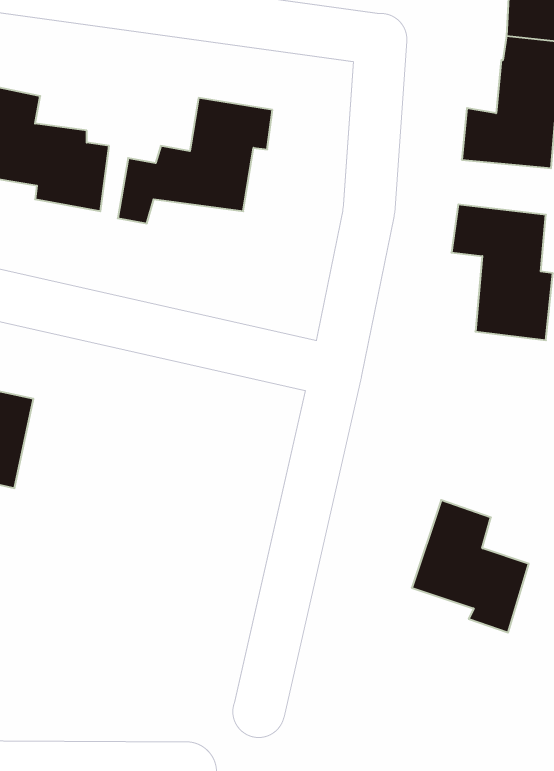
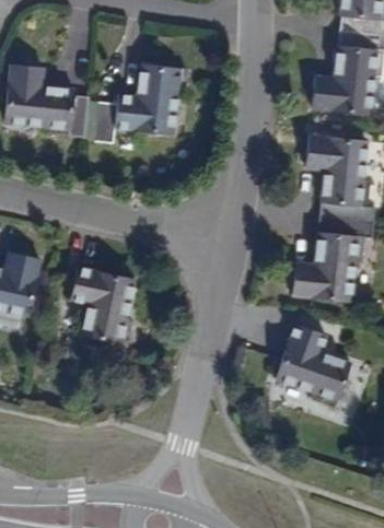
building: none -> [294,215,365,302]
building: none -> [69,266,135,344]

